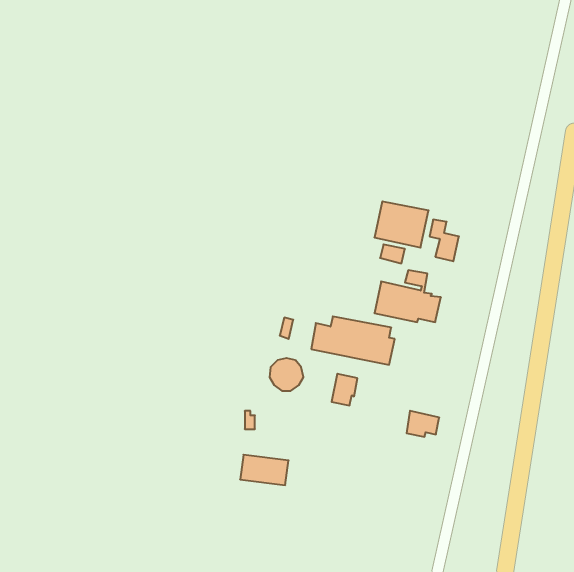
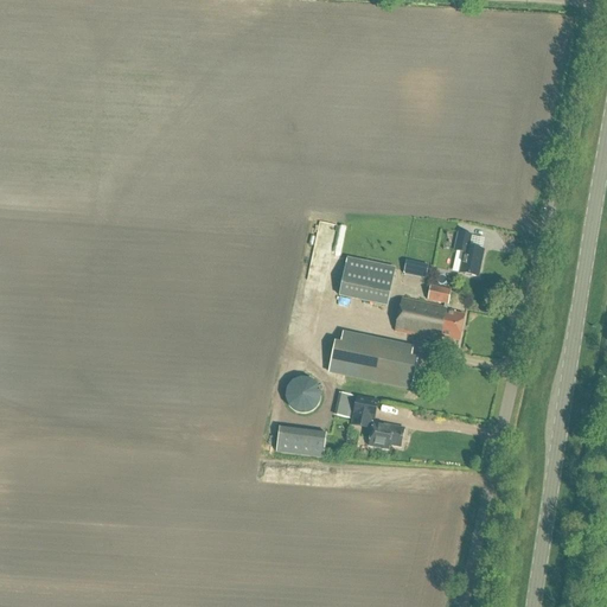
building: [374,201,429,248] -> [337,256,394,305]
building: [407,411,439,437] -> [368,421,402,448]
building: [240,455,289,485] -> [275,422,326,454]

